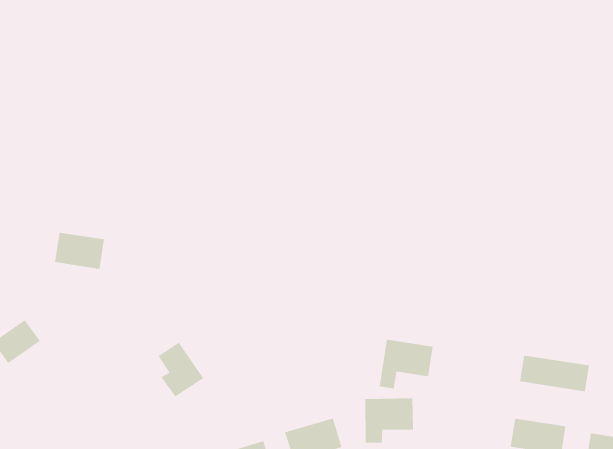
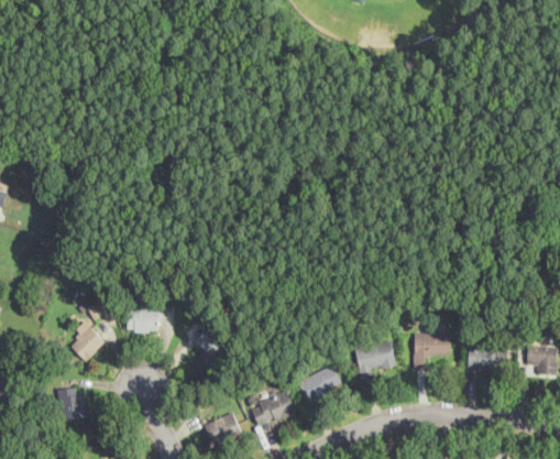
building: [54,232,105,269] -> [127,308,162,331]
building: [379,339,434,389] -> [414,334,450,370]
building: [520,355,590,392] -> none

